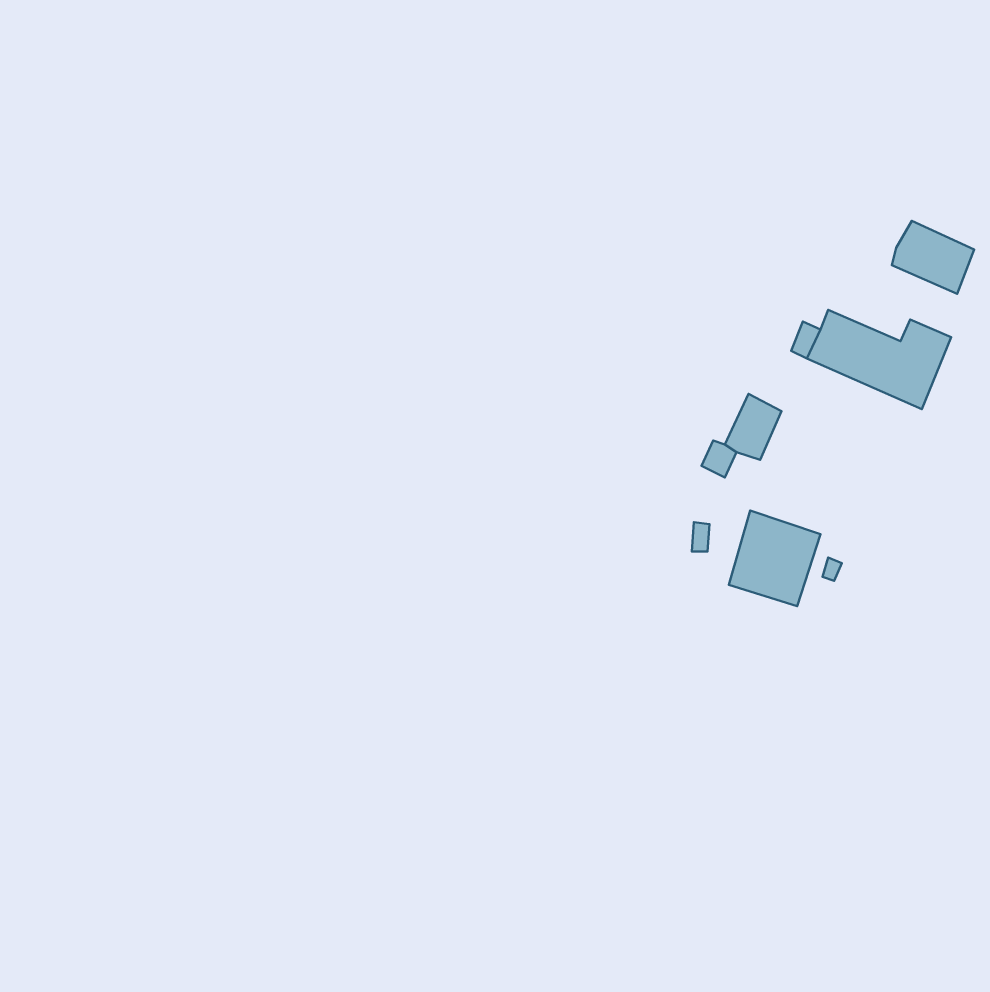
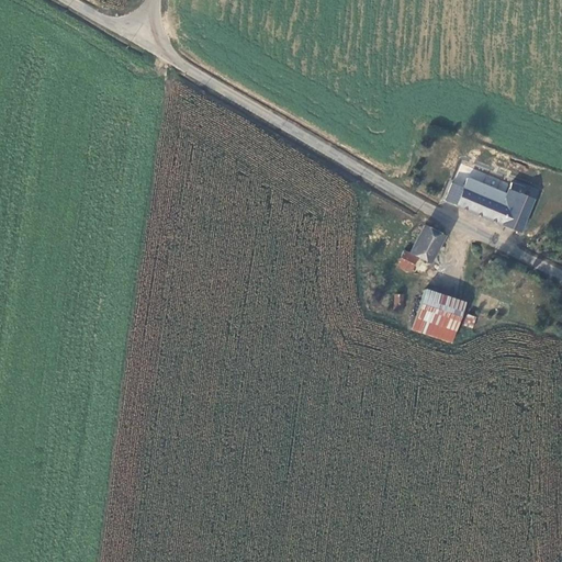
building: [892,221,974,294] -> none

